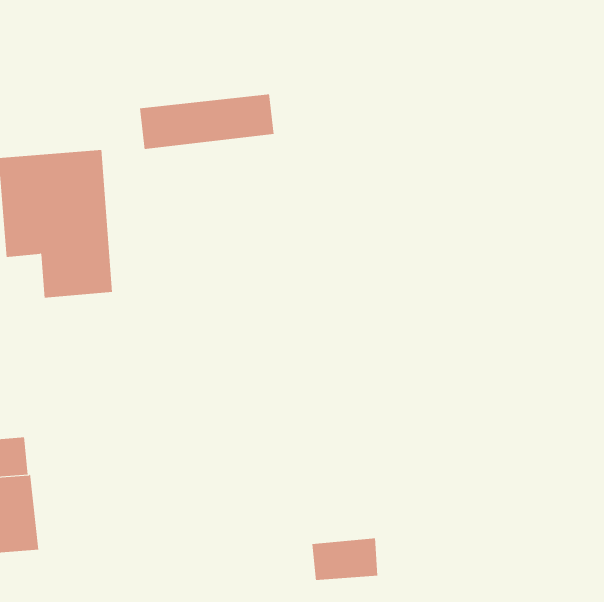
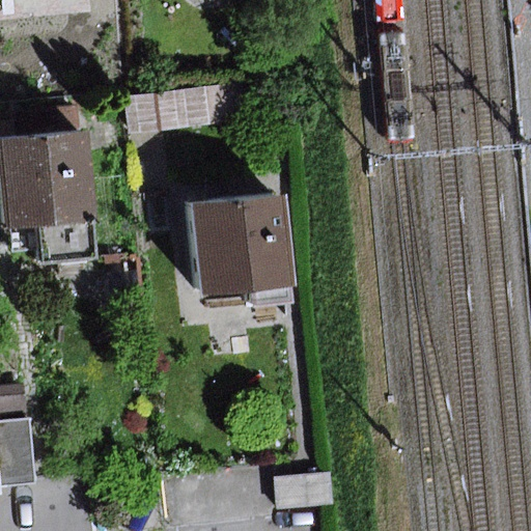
building: none -> [194,193,296,304]

